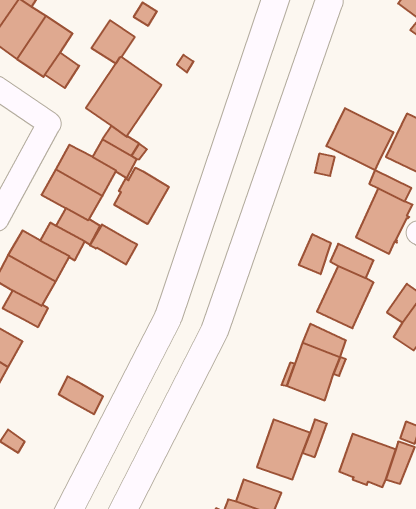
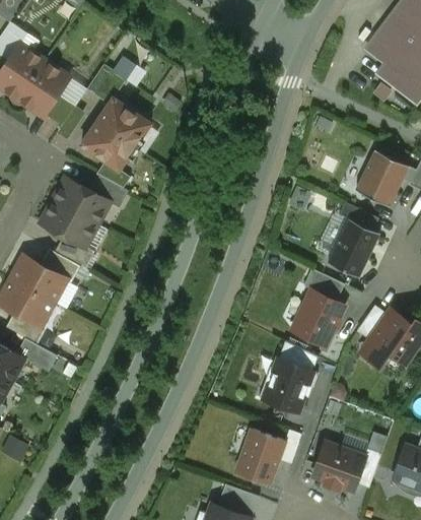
building: [326,108,393,170] -> none
building: [114,168,169,224] -> none
building: [90,224,137,265] -> none
building: [299,234,331,274] -> none
building: [59,376,103,414] -> [15,338,56,373]

